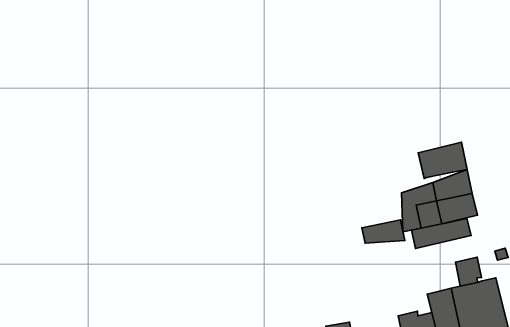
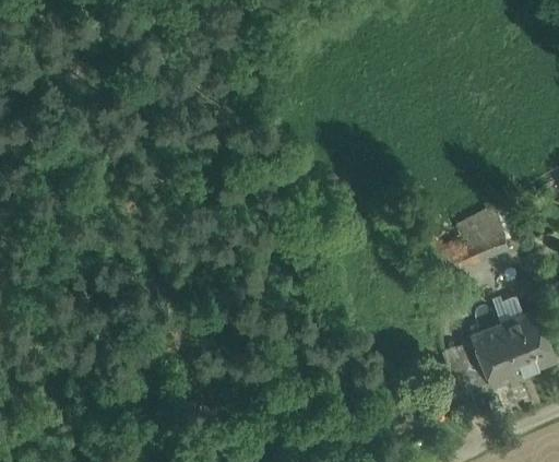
building: [418,142,467,178] -> none
building: [412,218,471,249] -> none
building: [362,220,405,243] -> none

